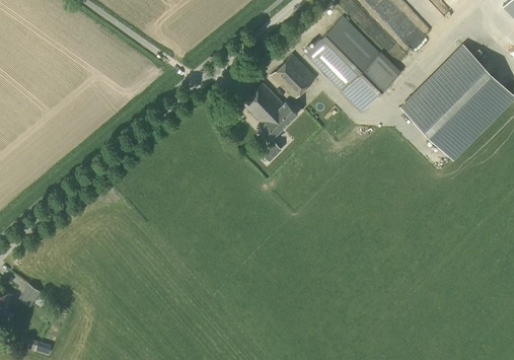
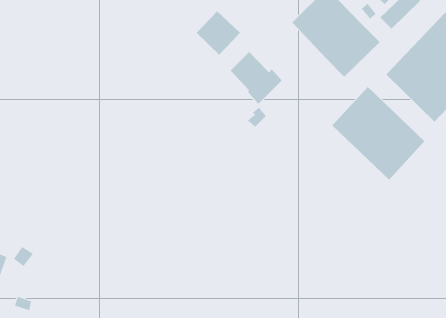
building: [269,54,315,100] -> [196,10,241,55]
building: none -> [332,86,425,180]

